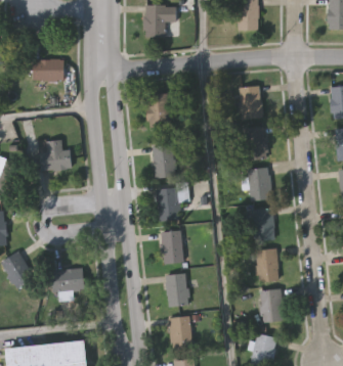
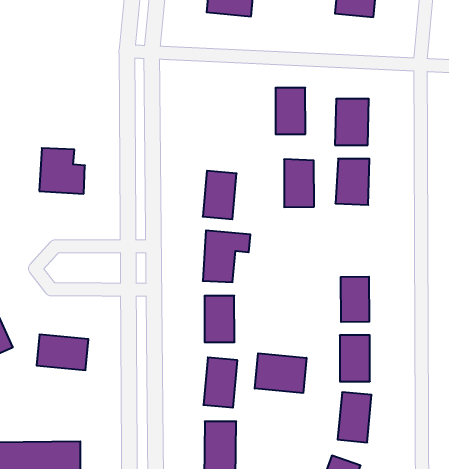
building: [33,59,65,82] -> none
building: [145,93,169,127] -> [275,88,305,134]
building: [247,168,270,201] -> [284,159,314,207]
building: none -> [255,353,306,393]

